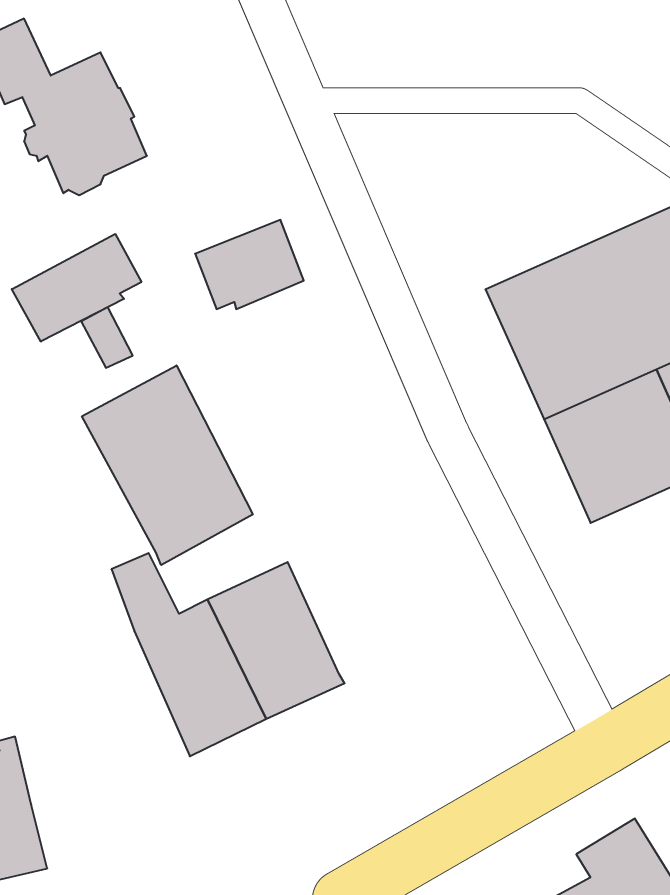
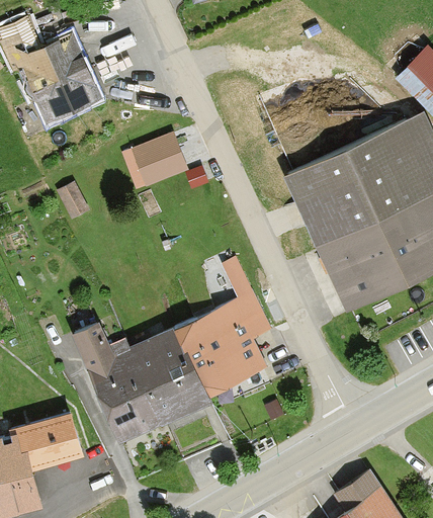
building: [12,234,141,342] -> none
building: [82,365,253,565] -> none
building: none -> [176,258,269,392]
building: none -> [21,415,81,465]

